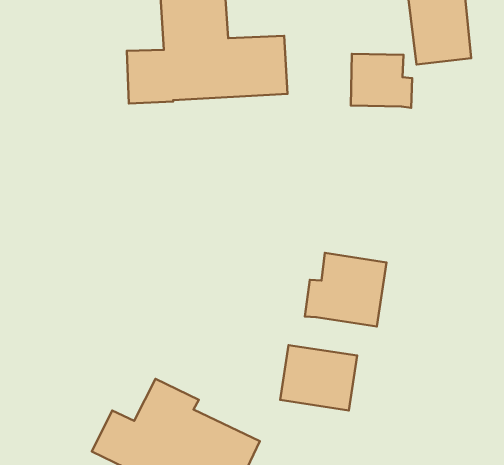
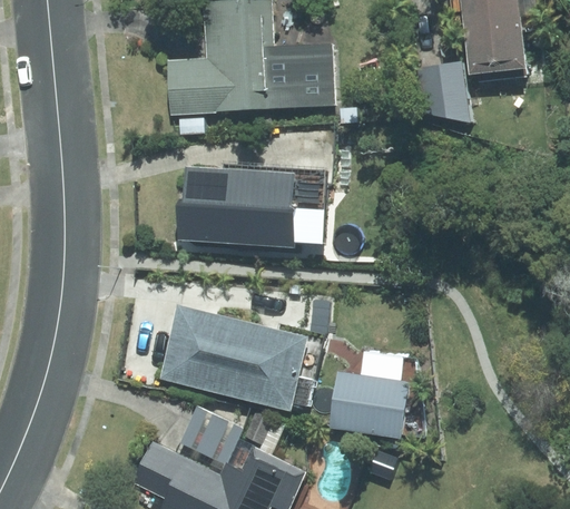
building: none -> [178,165,301,247]
building: [305,253,387,327] -> none
building: none -> [158,304,312,411]

